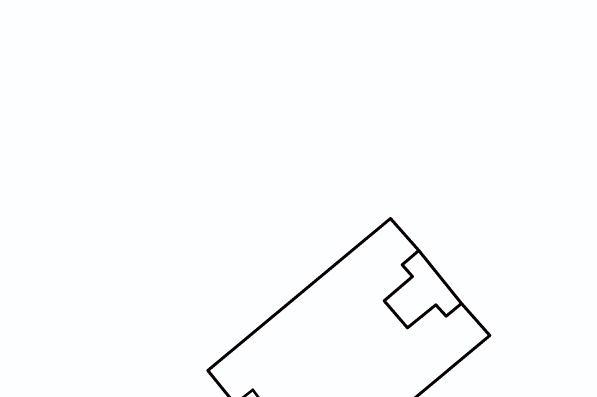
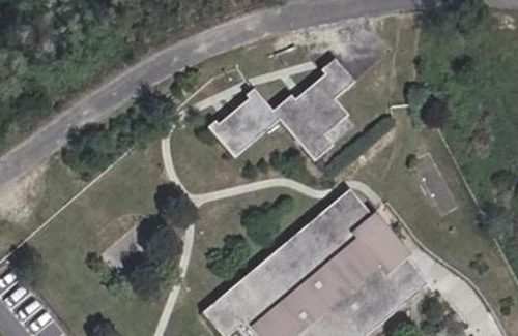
building: none -> [209,60,356,162]

